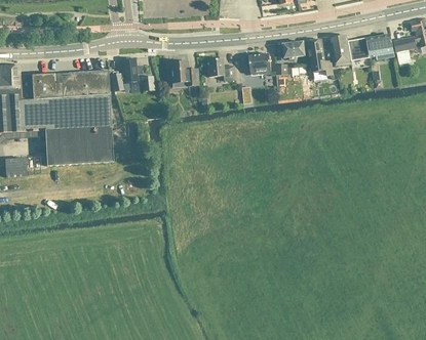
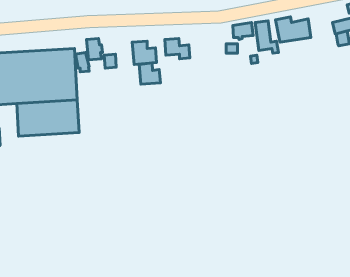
building: [366,34,395,57] -> none
building: [249,52,272,73] -> none
building: none -> [139,63,160,84]

